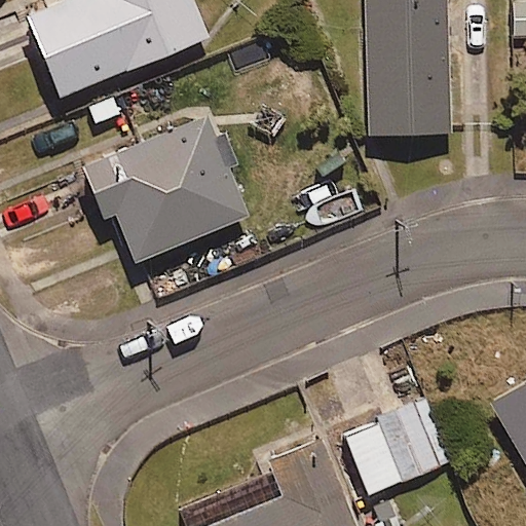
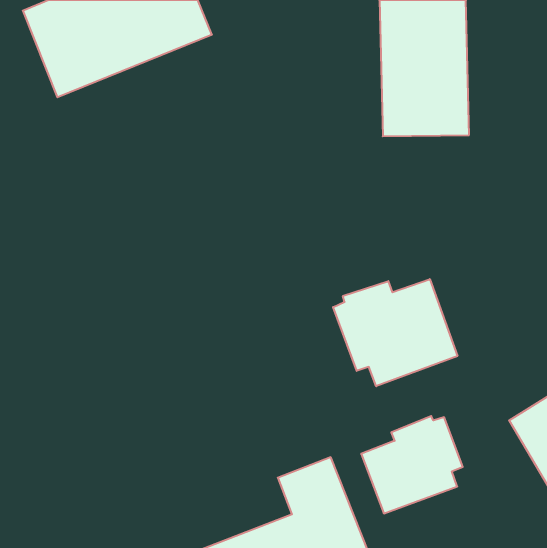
building: [81,114,249,260] -> none
building: none -> [333,279,457,386]

